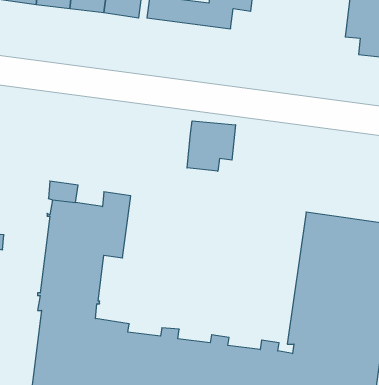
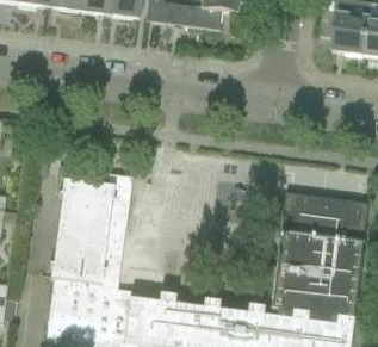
building: [187,121,235,171] -> none

